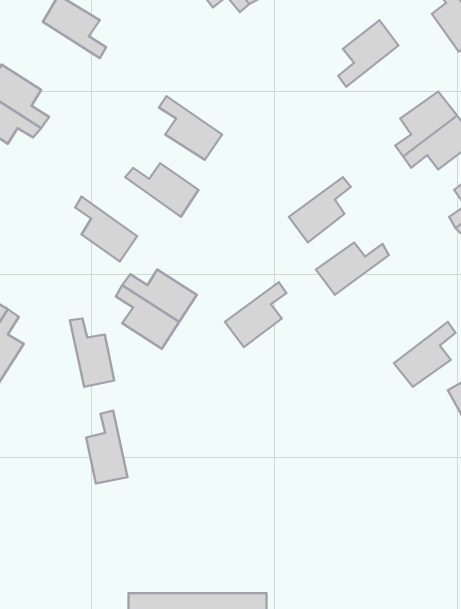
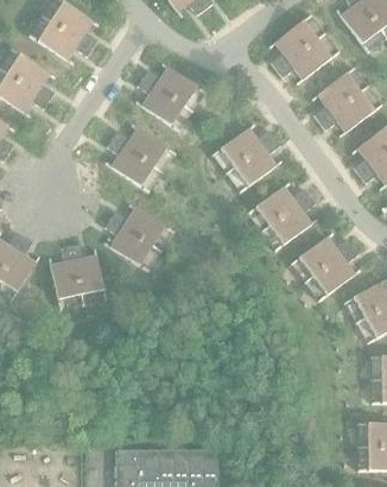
building: none -> [37,21,93,59]
building: none -> [277,39,330,80]
building: none -> [142,67,197,106]
building: none -> [220,128,274,167]
building: [75,196,137,261] -> [107,138,153,186]
building: [225,282,287,347] -> [268,196,315,245]
building: none -> [298,236,353,277]
building: [86,411,128,484] -> [50,245,81,299]

